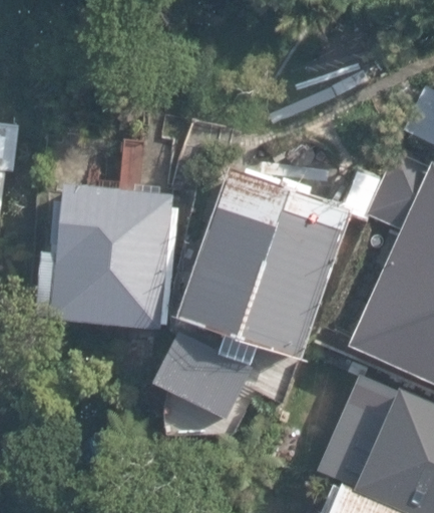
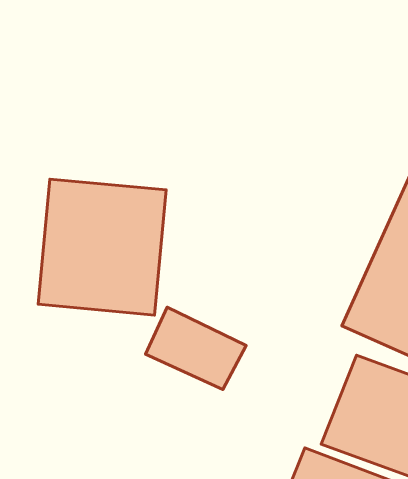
building: [188,177,350,353] -> none

